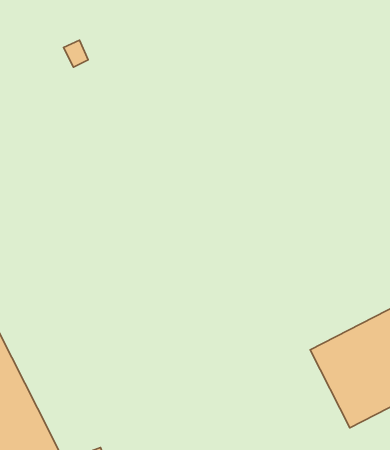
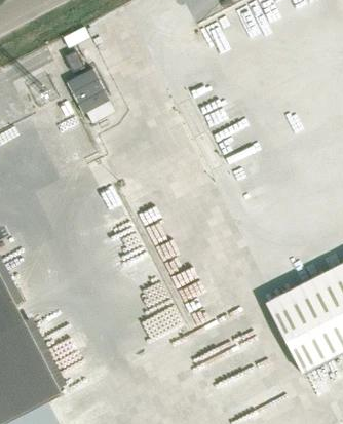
building: none -> [66,67,109,112]

